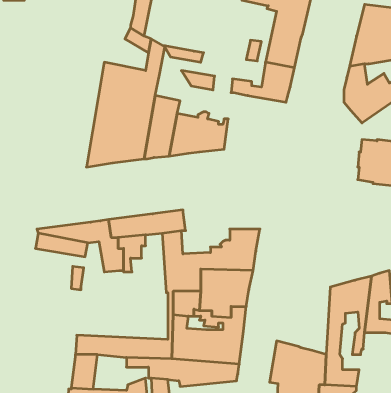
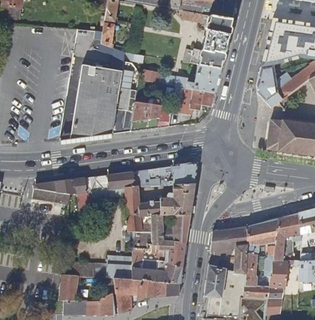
building: none -> [183,87,215,113]
building: none -> [140,162,198,185]
building: none -> [209,226,247,275]
building: none -> [266,259,287,298]

